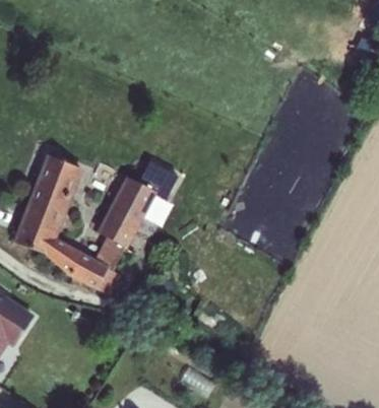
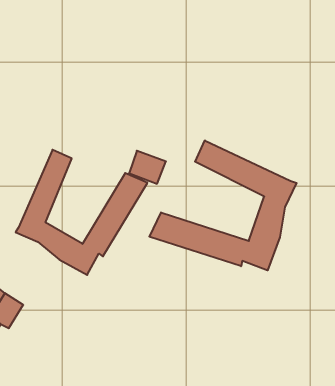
building: none -> [149,140,297,270]

